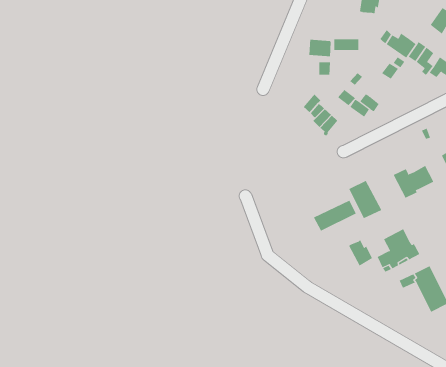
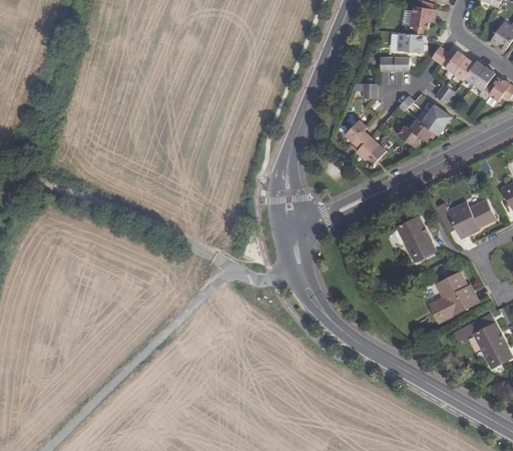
building: [309,39,332,57] -> [397,32,423,52]
building: none -> [421,104,451,135]
building: [313,200,357,232] -> none
building: [349,239,373,267] -> none

